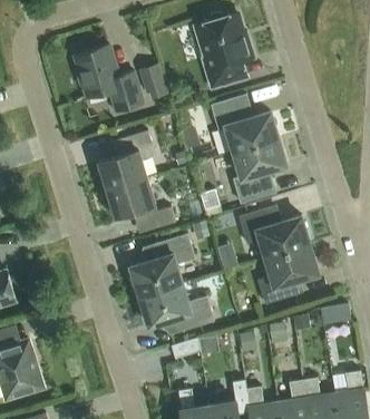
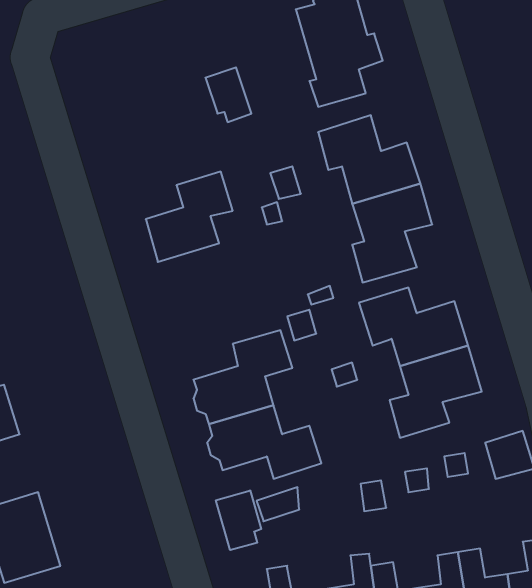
building: [75,45,144,111] -> none
building: [107,177,176,231] -> none
building: none -> [216,490,261,550]

